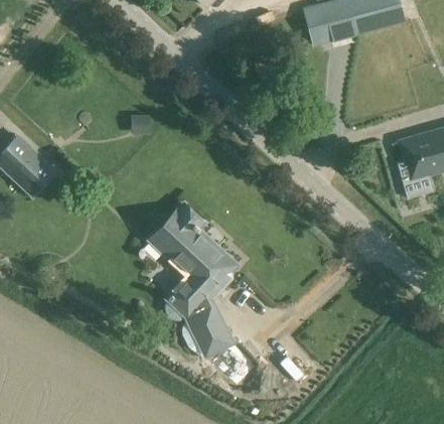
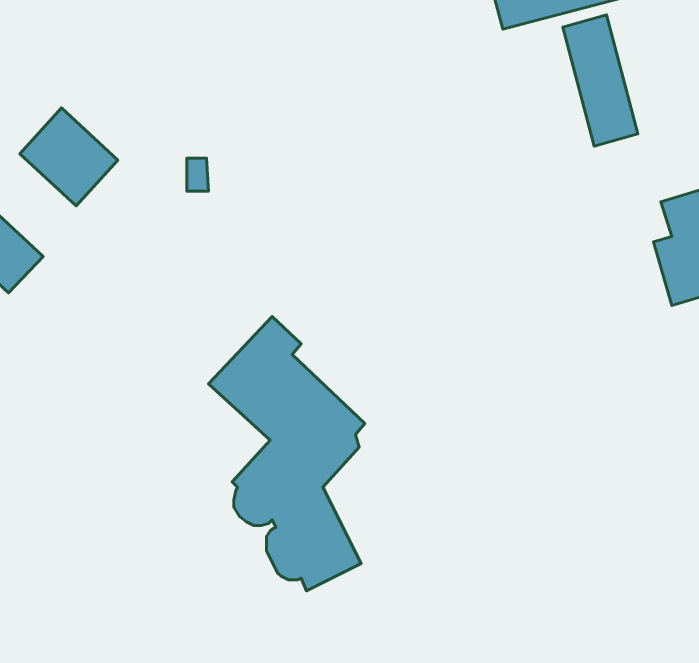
building: none -> [563,15,638,146]
building: none -> [20,108,118,206]

